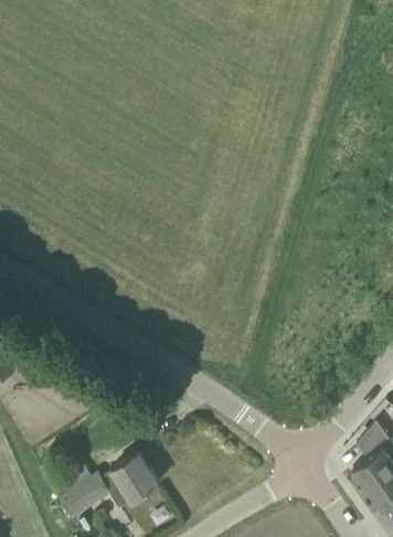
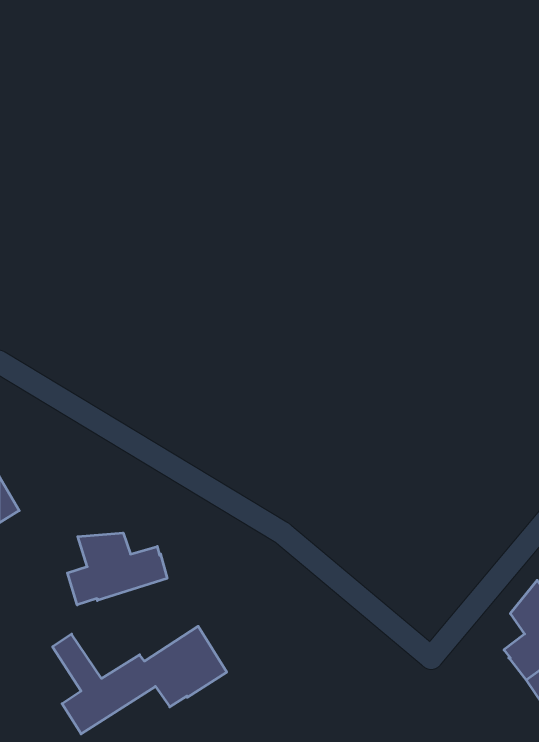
building: none -> [67,533,167,605]

